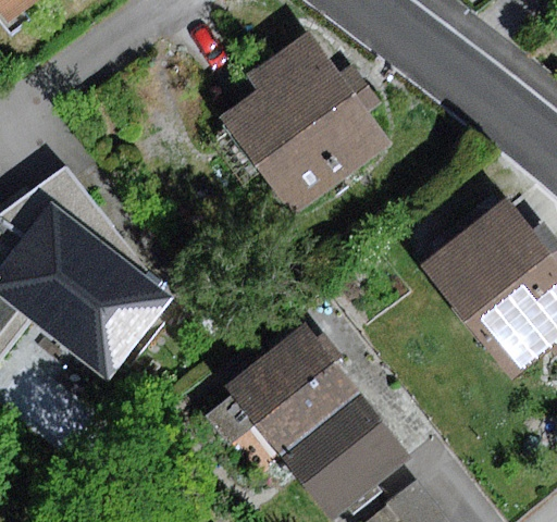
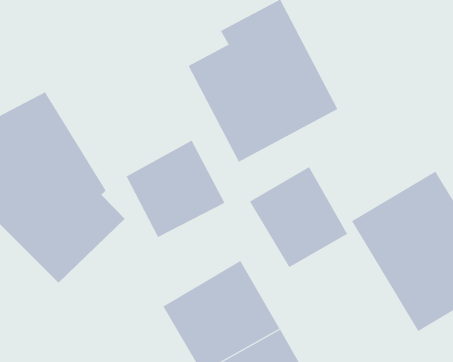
building: none -> [126,140,225,238]
building: none -> [249,166,348,268]

